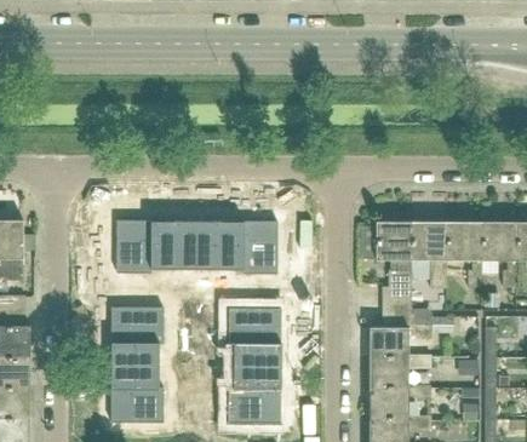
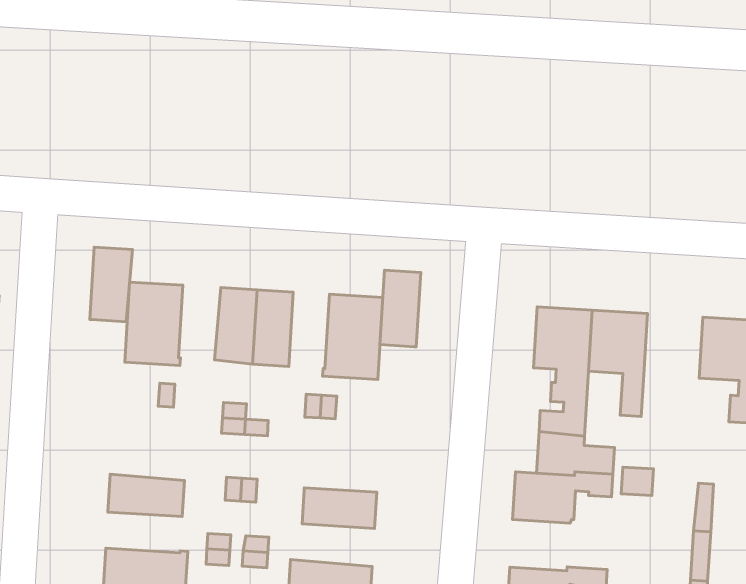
building: [150,220,174,266] -> [90,247,132,322]
building: [220,220,244,268] -> [380,270,421,347]
building: [446,220,481,286] -> none
building: [111,309,164,344] -> none
building: [230,310,281,345] -> none
building: [368,354,430,386] -> none
building: [111,367,159,390] -> none
building: [234,367,281,391] -> none

